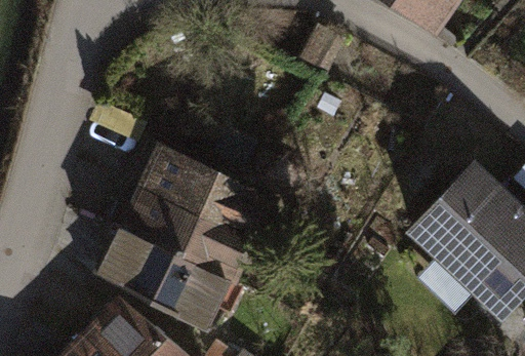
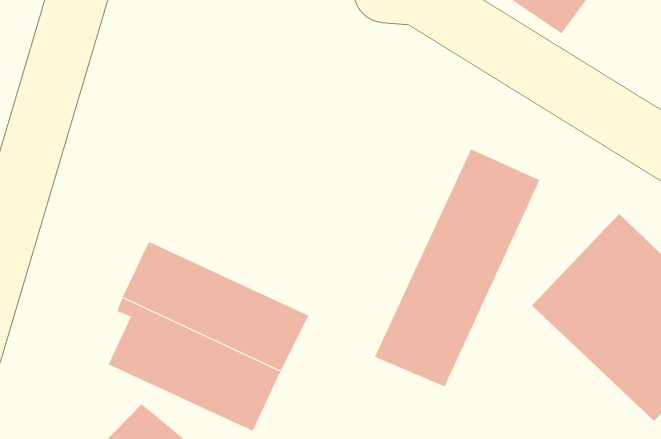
building: none -> [374,148,540,387]
building: [131,144,269,240] -> none

